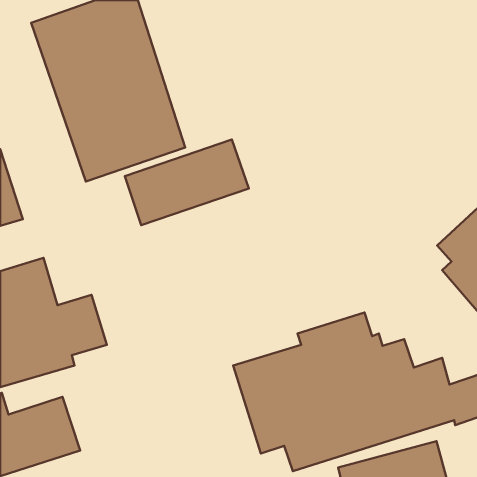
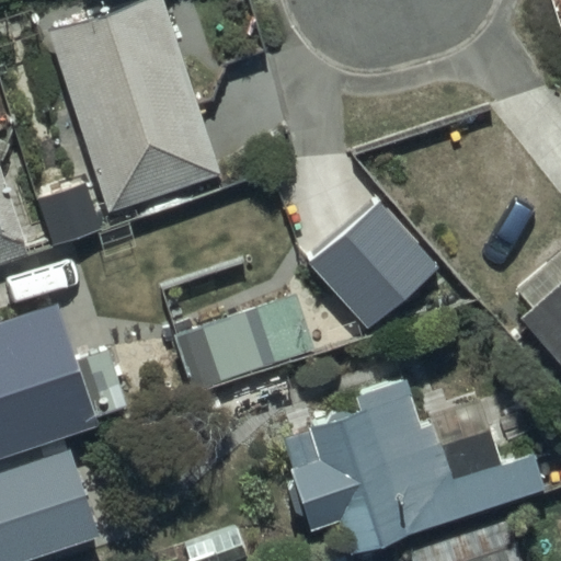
building: [125,139,249,225] -> [174,295,318,394]
building: none -> [305,202,439,336]

